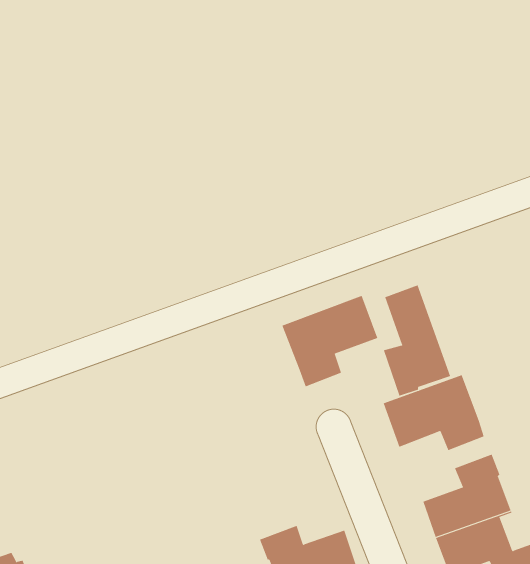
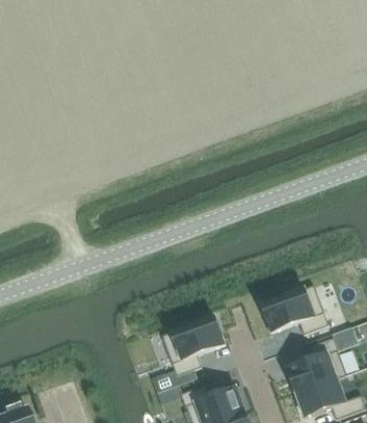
building: [383,285,451,396] -> none
building: [281,295,378,387] -> [162,315,226,375]

